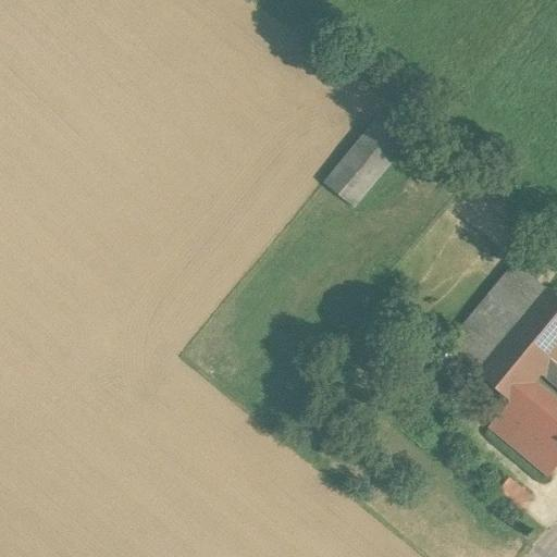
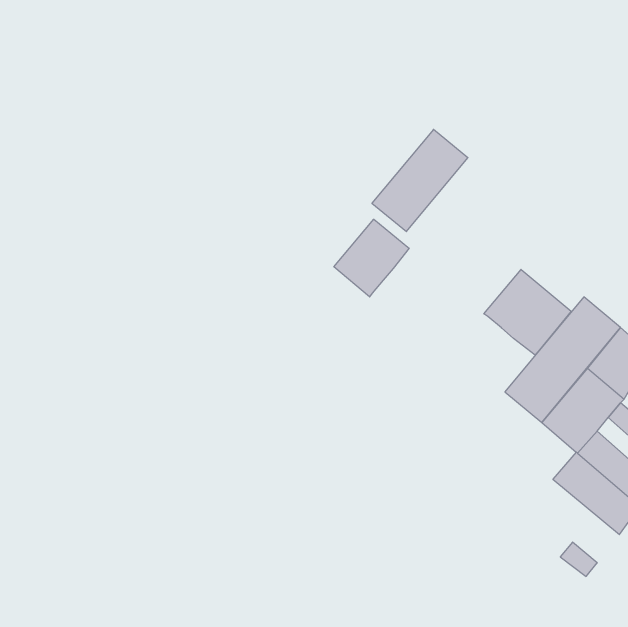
building: none -> [334,219,409,297]
building: none -> [484,269,571,355]

